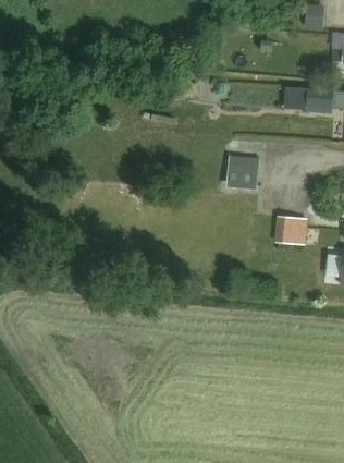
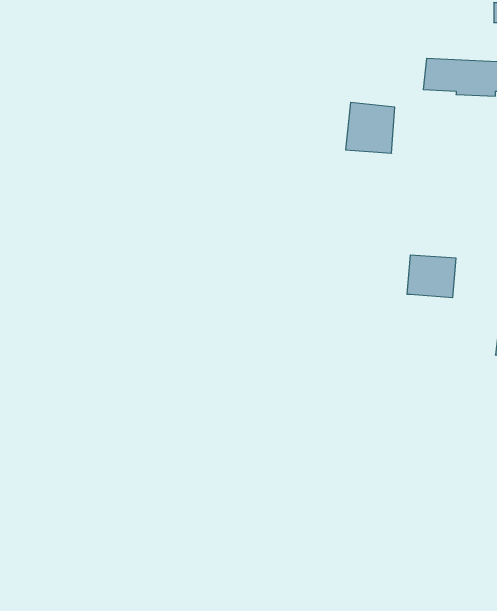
building: [228,154,260,187] -> [346,102,395,153]

